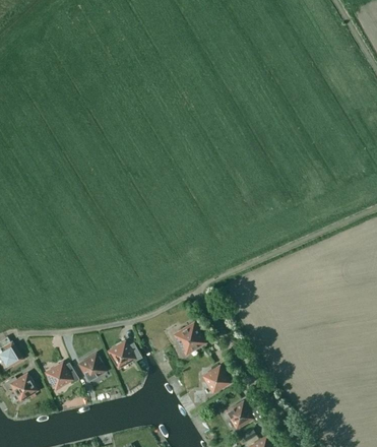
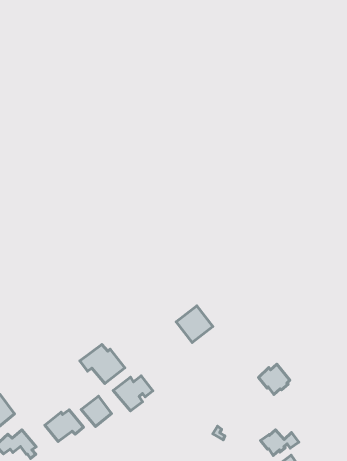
building: none -> [80,345,125,383]
building: [174,323,204,354] -> [176,306,213,342]
building: [201,367,228,392] -> [258,364,290,394]

